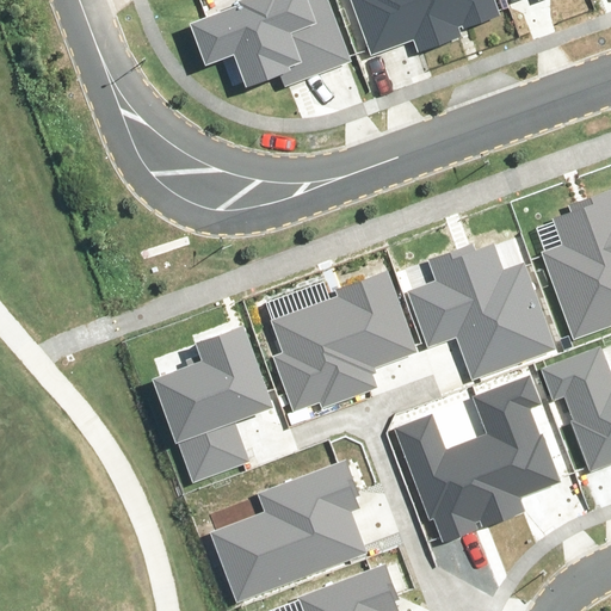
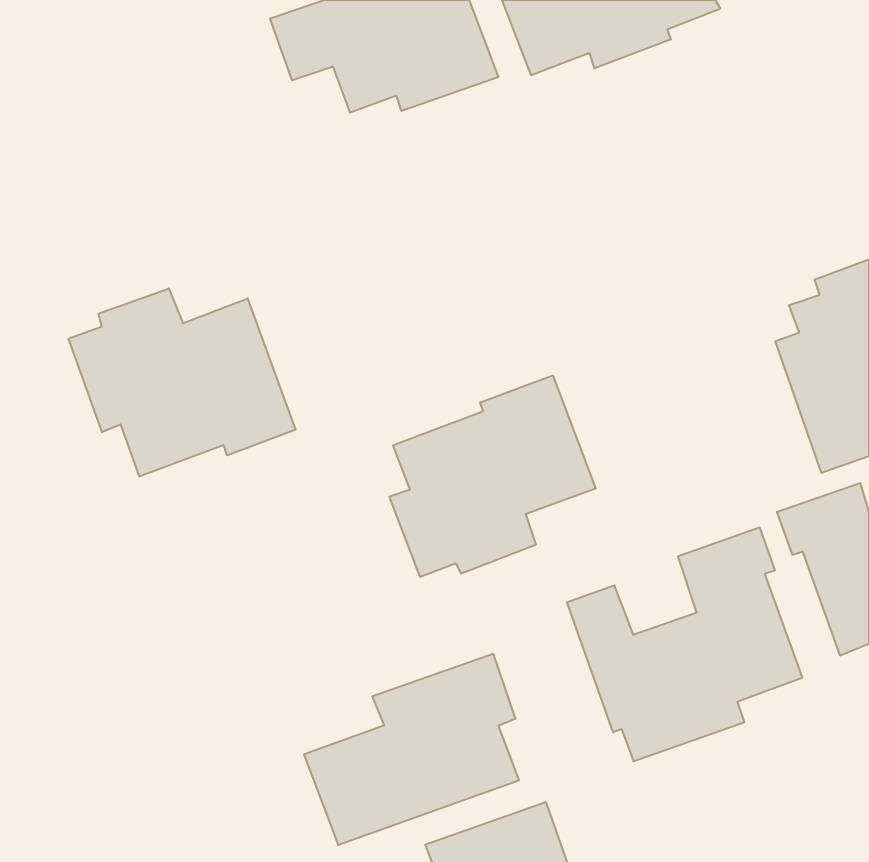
building: none -> [68,288,295,476]
building: [408,242,555,379] -> none
building: [155,323,276,479] -> none

